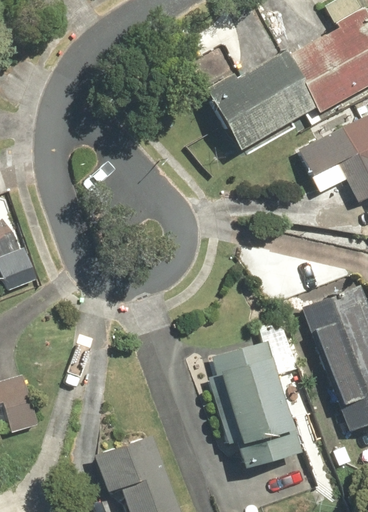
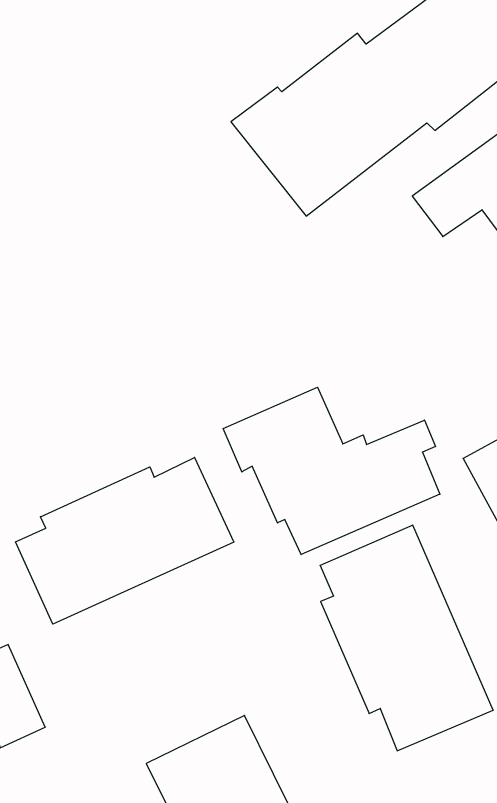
building: none -> [223,387,440,555]
building: none -> [16,457,234,624]

